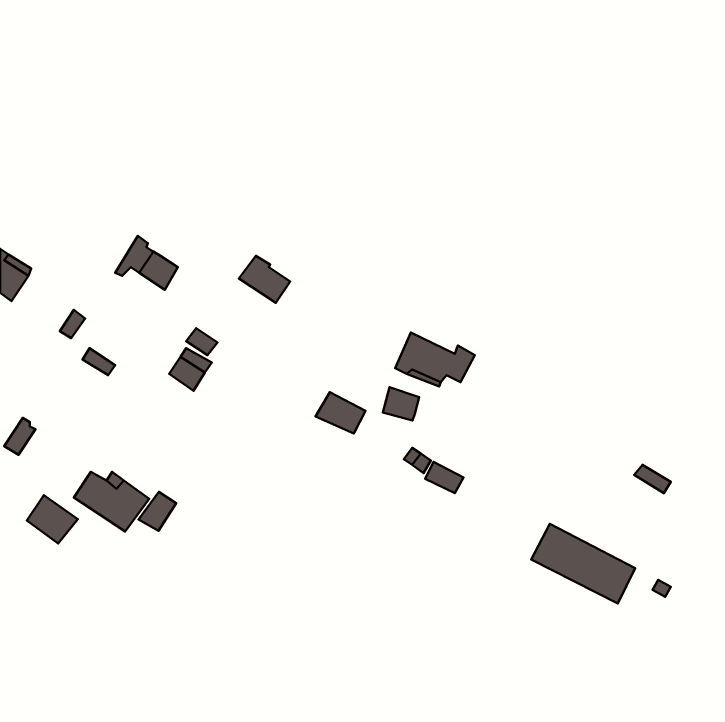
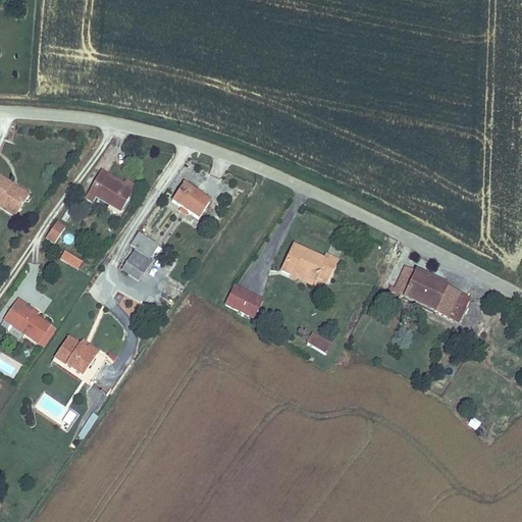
building: [383,387,419,421] -> none
building: [139,492,176,531] -> none
building: [27,495,78,543] -> [14,308,51,343]
building: [531,524,635,604] -> [395,264,469,321]

